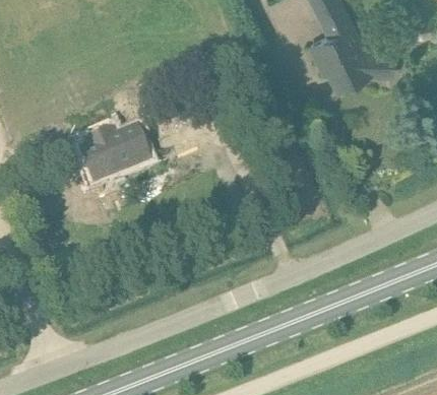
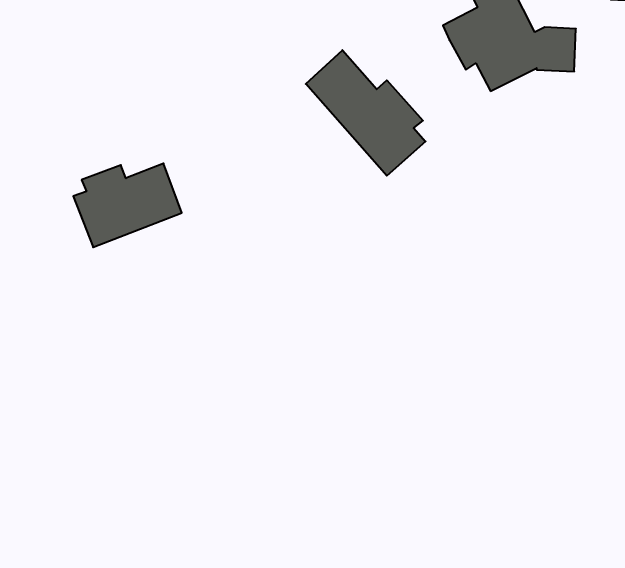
building: none -> [306,50,426,176]

